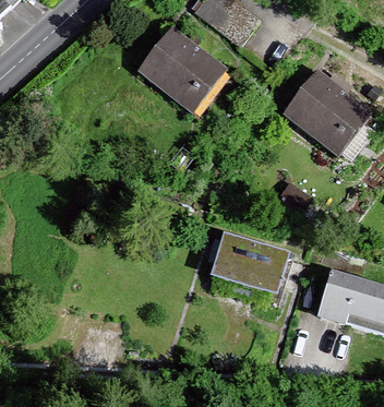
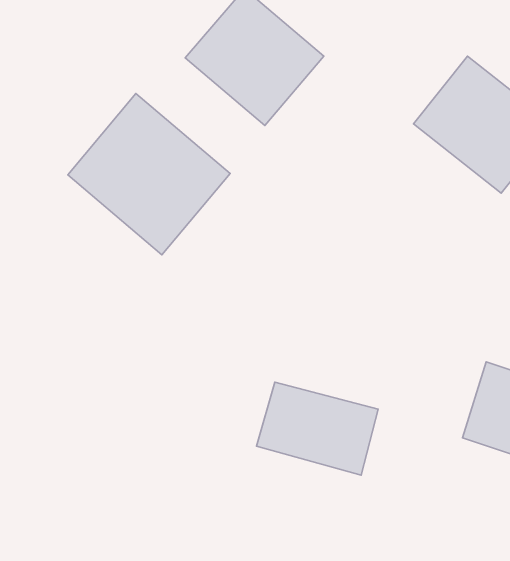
building: none -> [68,93,230,255]
building: [211,232,289,292] -> [256,382,378,475]

